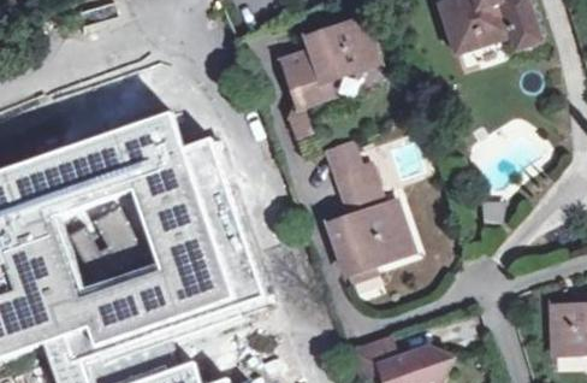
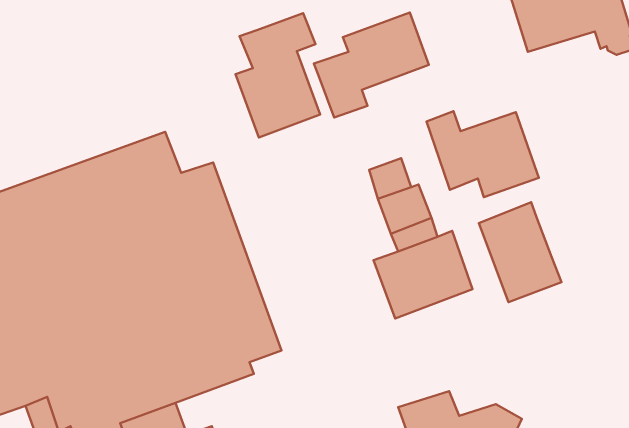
building: none -> [236,13,320,137]
building: none -> [426,111,539,197]
building: none -> [479,202,562,302]

